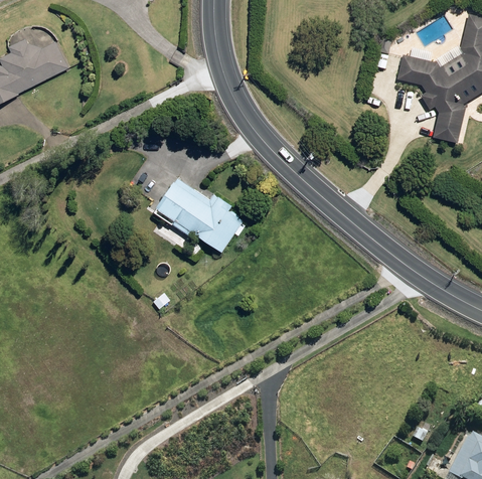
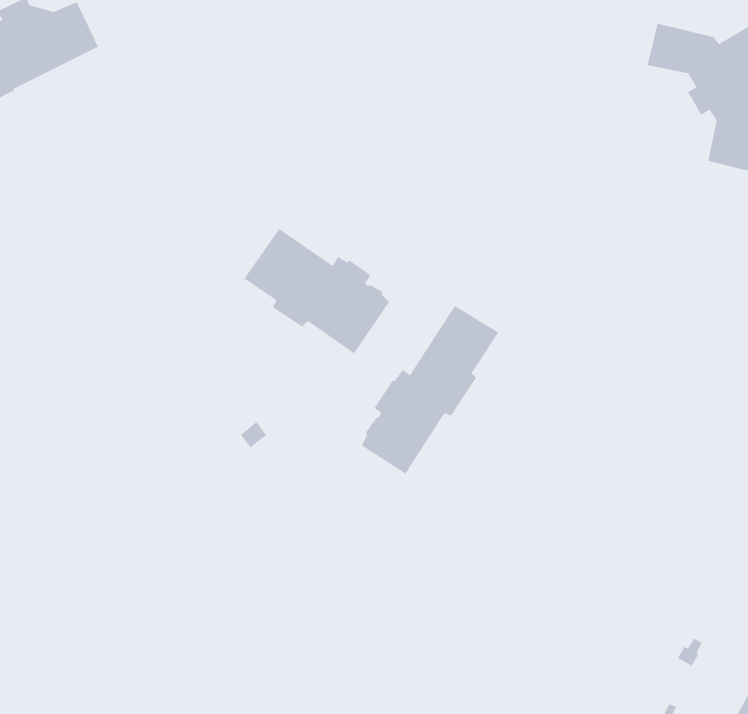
building: none -> [361,305,499,475]

